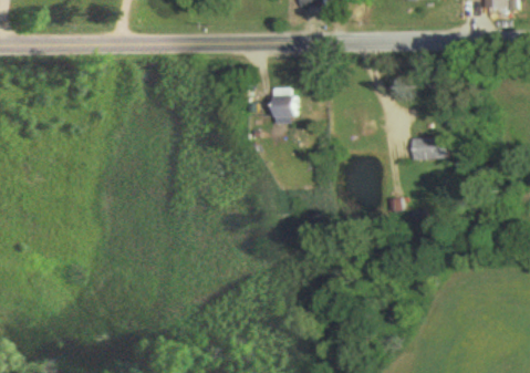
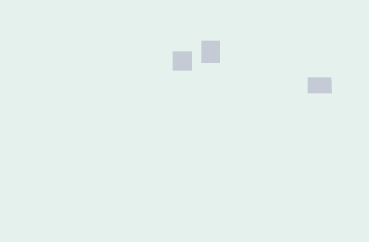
building: none -> [172,51,193,71]

